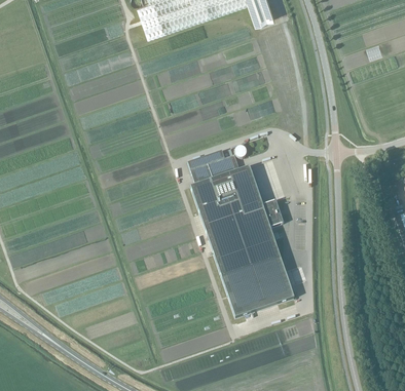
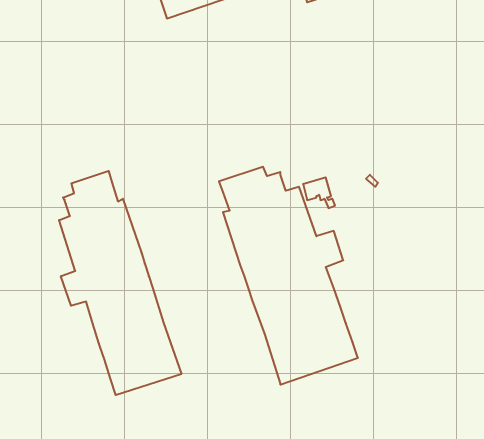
building: none -> [59,171,181,395]

